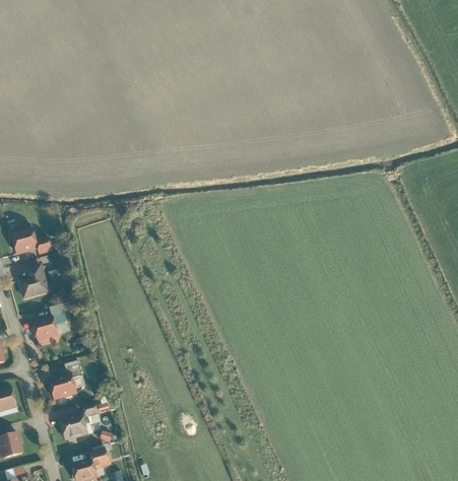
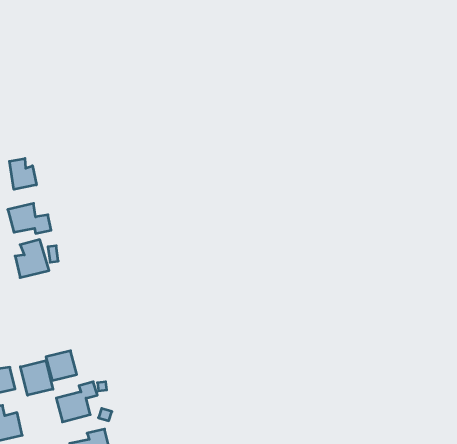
building: none -> [9,158,36,189]
building: [30,315,59,341] -> none
building: none -> [20,361,53,395]

